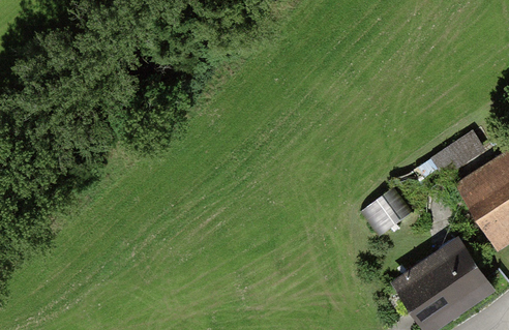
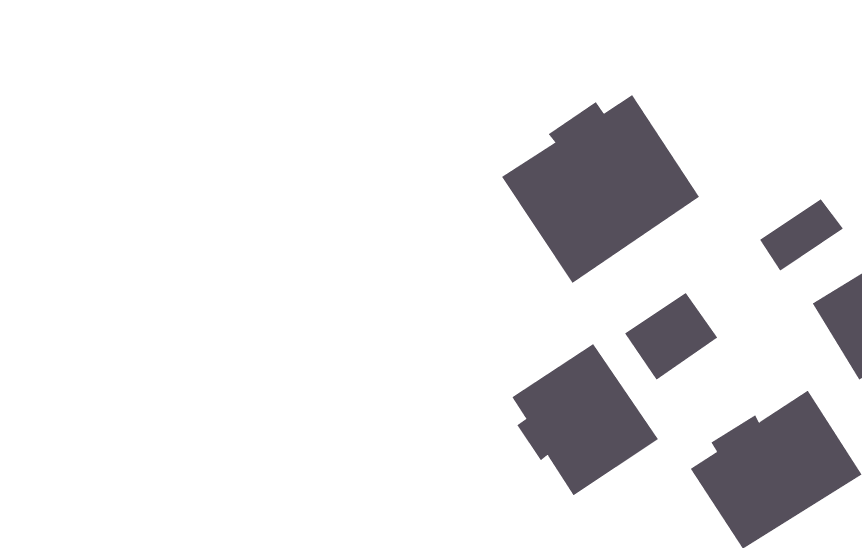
building: none -> [501,94,700,284]
building: none -> [511,343,659,496]

